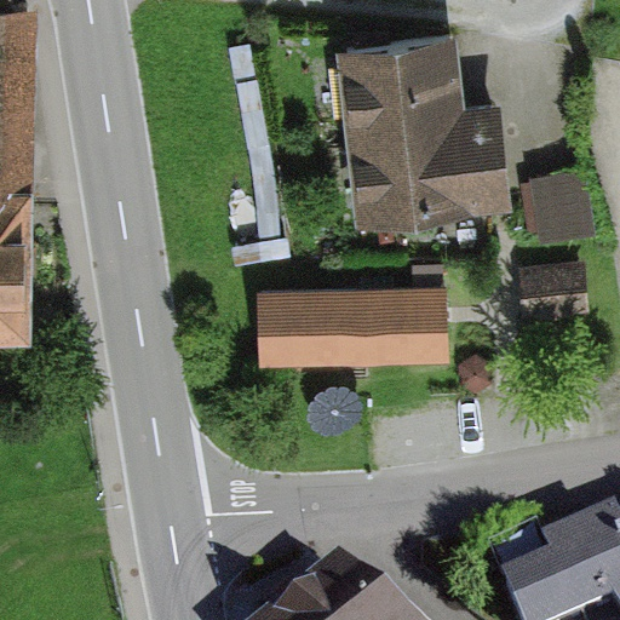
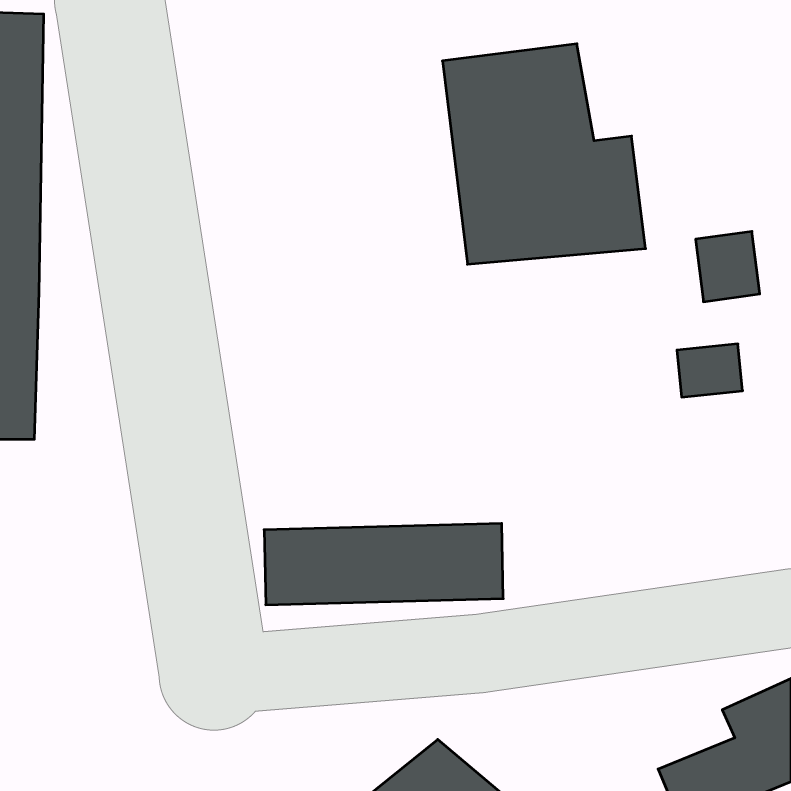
building: [257,292,442,355] -> [264,523,503,605]

